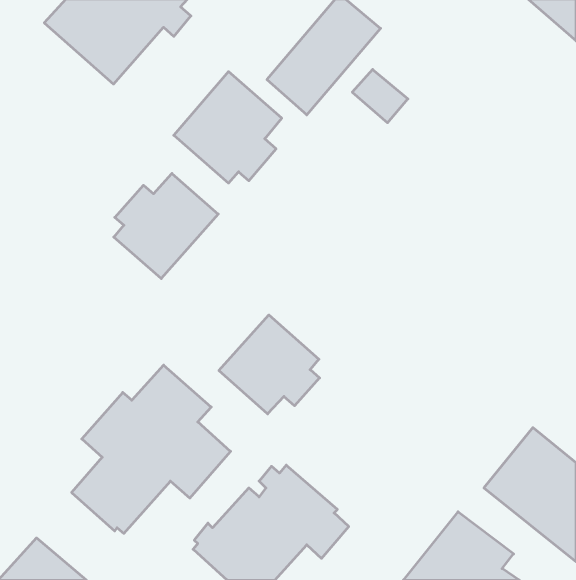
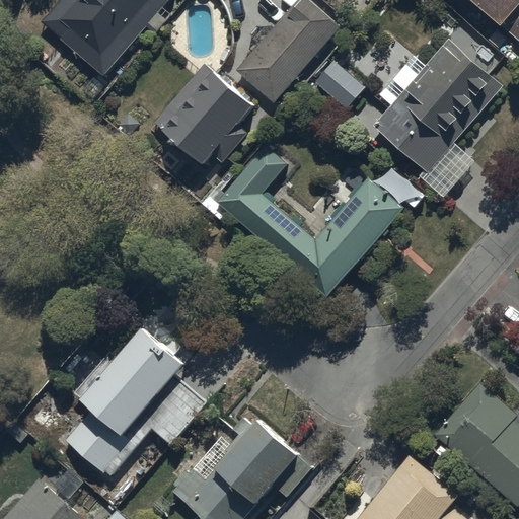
building: none -> [374,36,505,198]
building: none -> [216,145,404,299]
building: [114,173,218,279] -> none
building: [219,315,320,414] -> none

